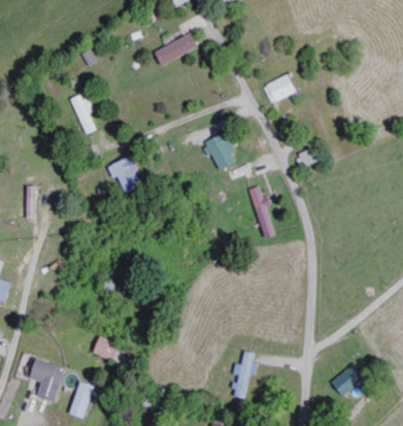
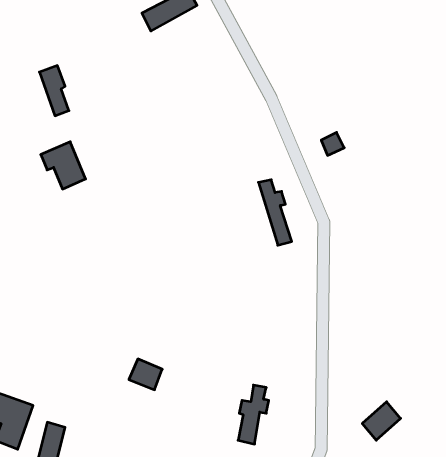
building: [262,73,297,104] -> none
building: [203,131,236,171] -> none
building: [107,156,143,194] -> [41,142,86,189]
building: [92,336,119,361] -> [129,359,162,390]

